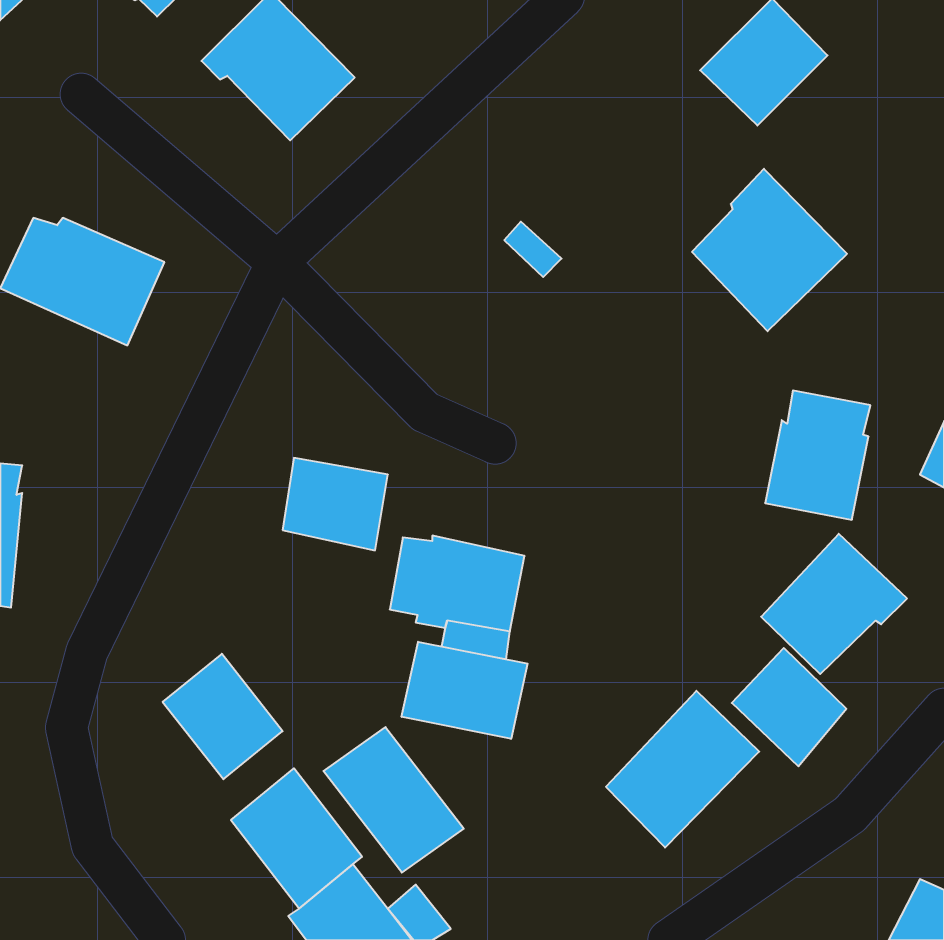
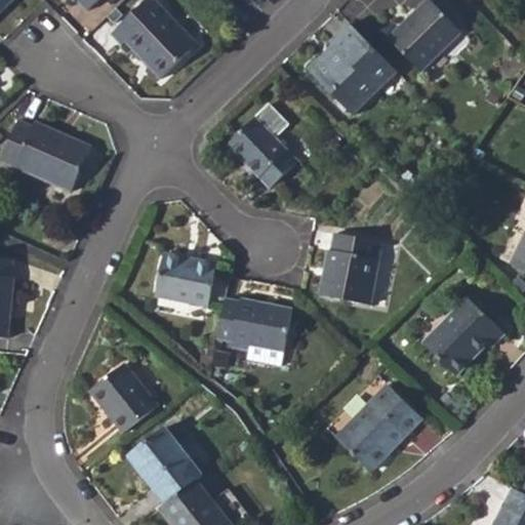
building: [692,169,847,331] -> [310,24,396,114]
building: none -> [228,117,297,188]
building: [765,390,870,520] -> [320,233,378,305]
building: [402,642,528,739] -> none
building: [732,648,846,766] -> none
building: [323,727,464,873] -> none

